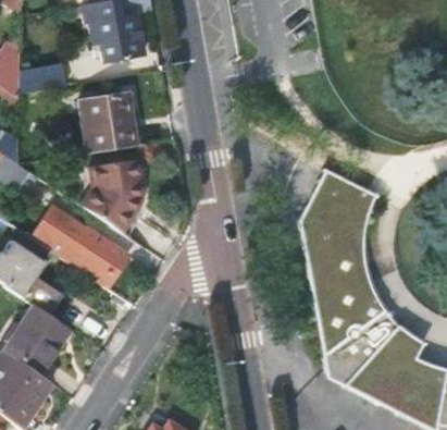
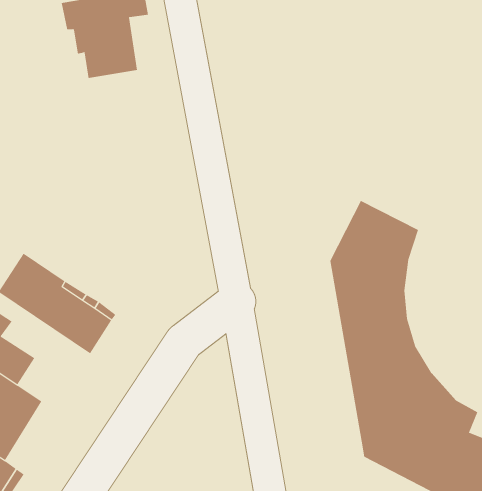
building: [82,91,138,152] -> none
building: [80,160,141,231] -> none

